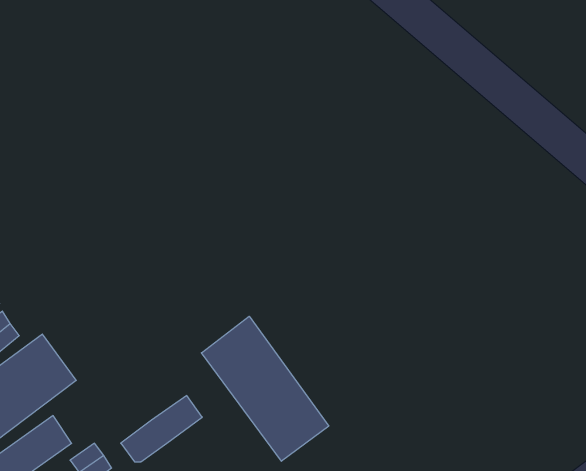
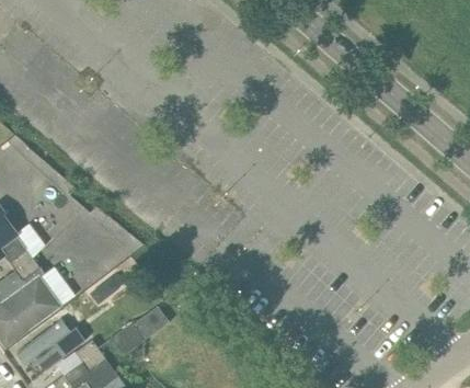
building: [201,316,329,461] -> none

